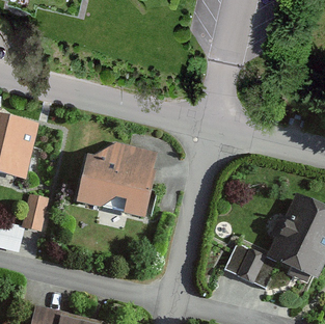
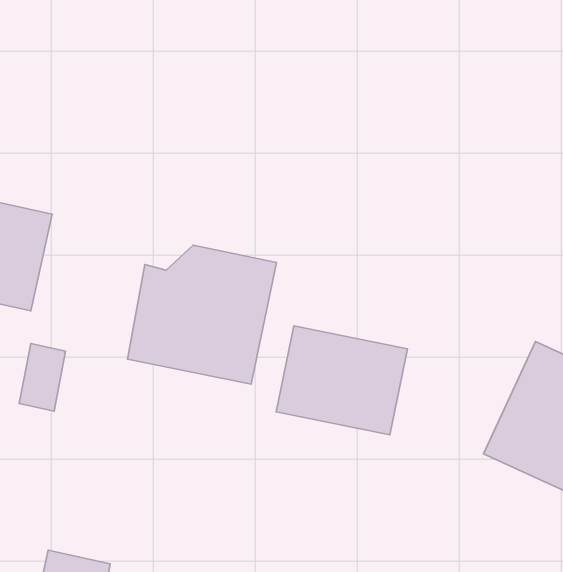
building: none -> [276,326,407,435]
building: [223,241,264,279] -> none

